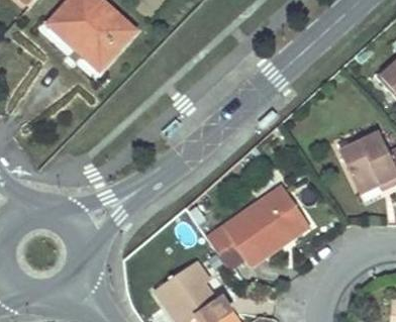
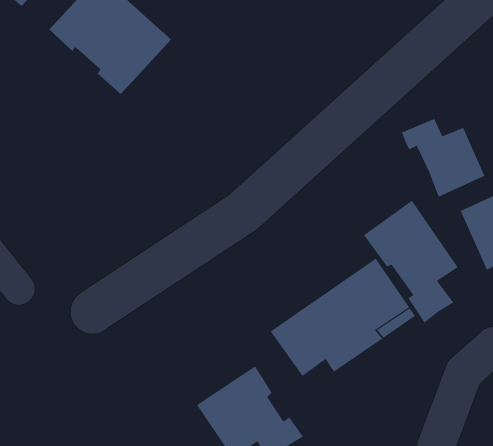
building: none -> [401,118,485,197]
building: none -> [363,200,459,323]

